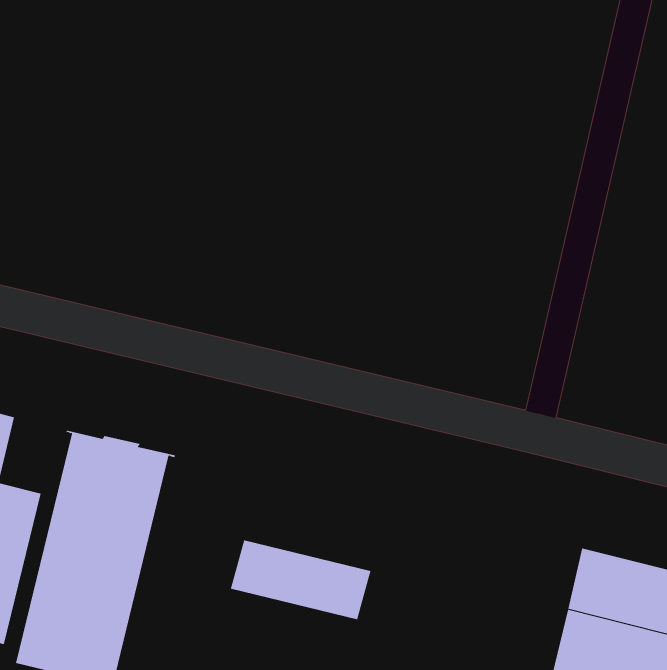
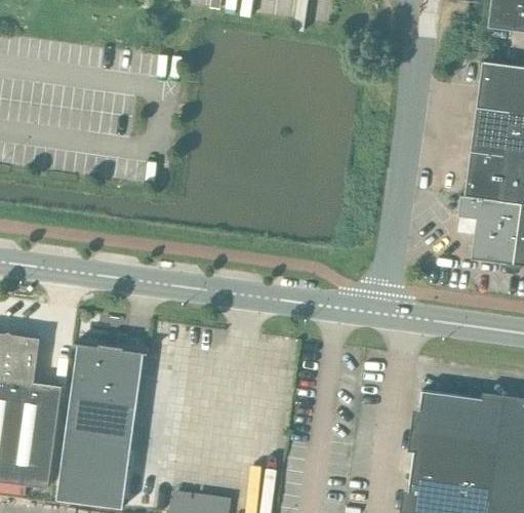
building: [230,539,371,620] -> none

